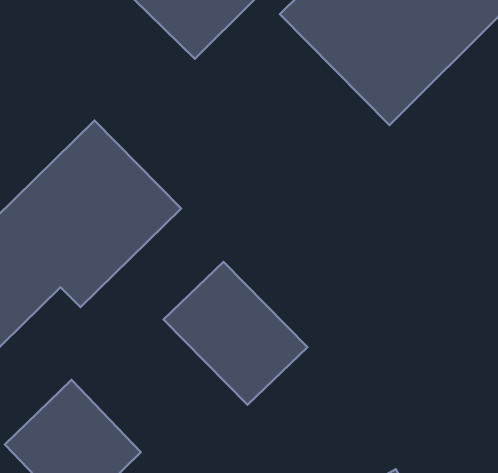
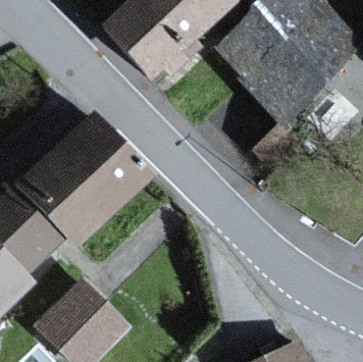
building: [163,262,308,405] -> none

